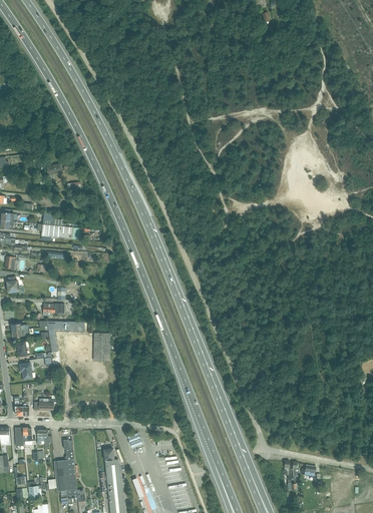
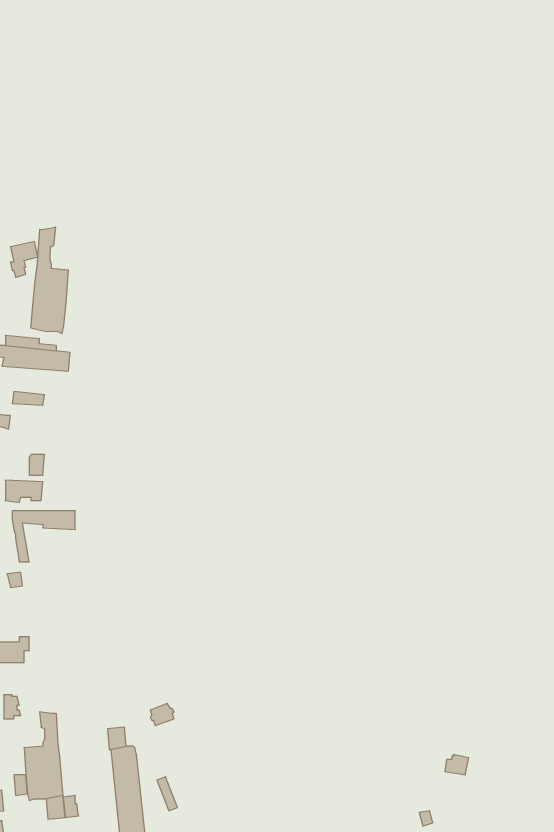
building: none -> [31,227,68,334]
building: [92,333,111,361] -> none

